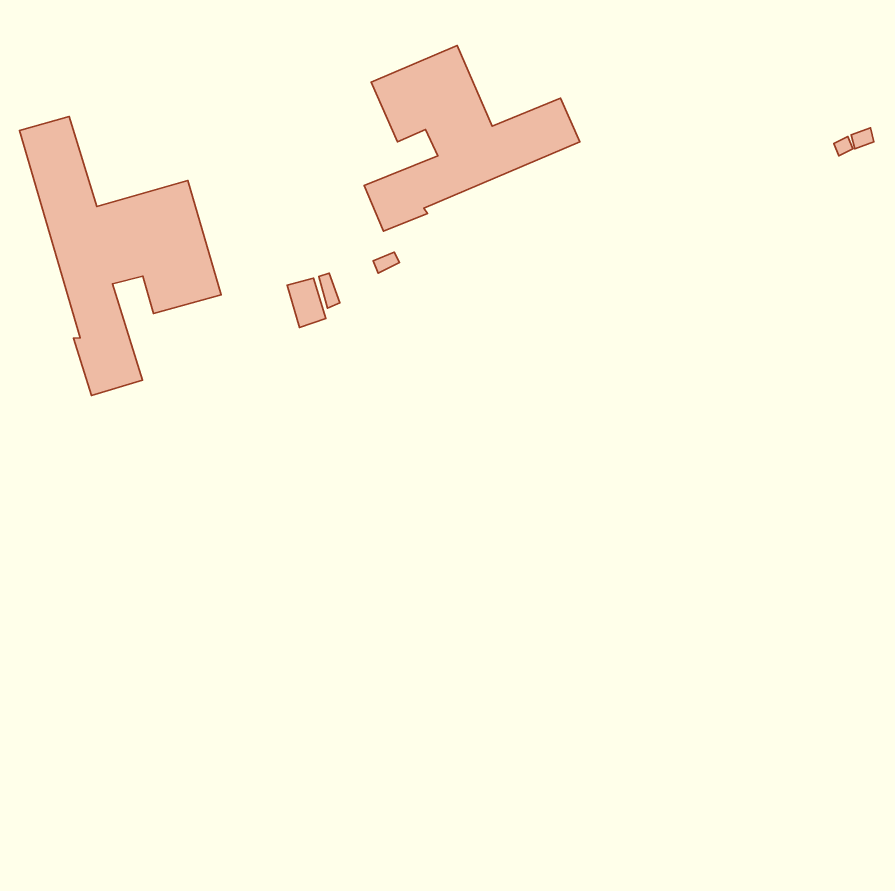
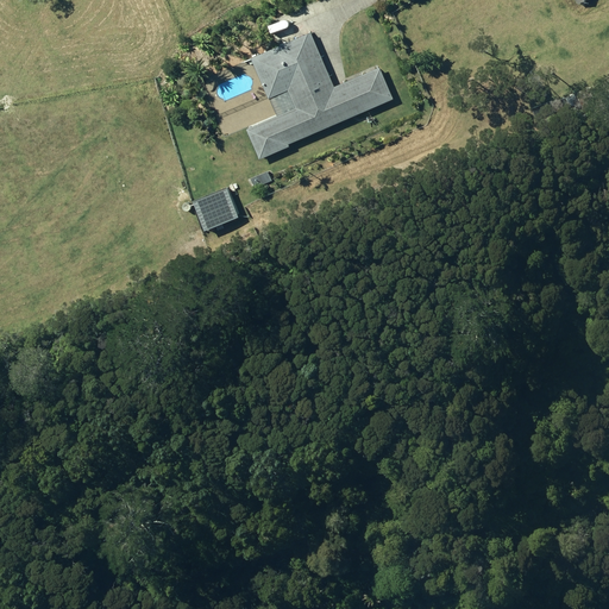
building: [19,117,221,395] -> none

